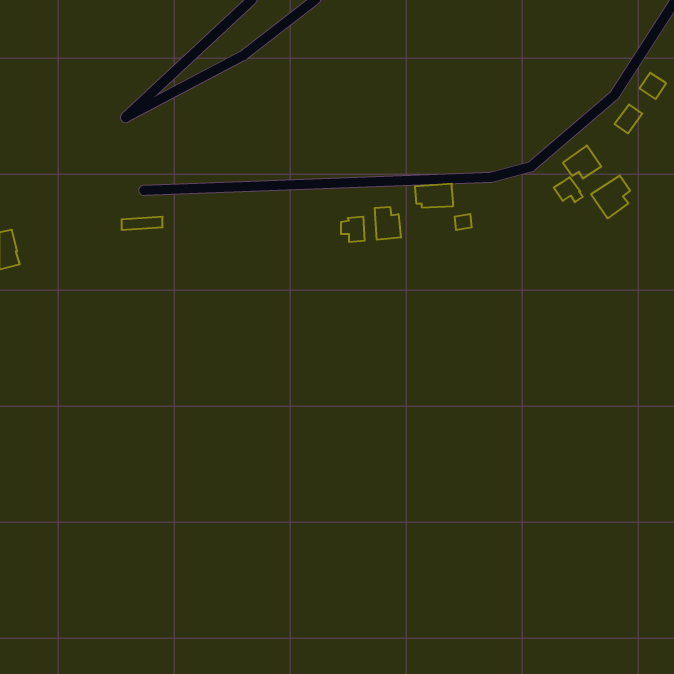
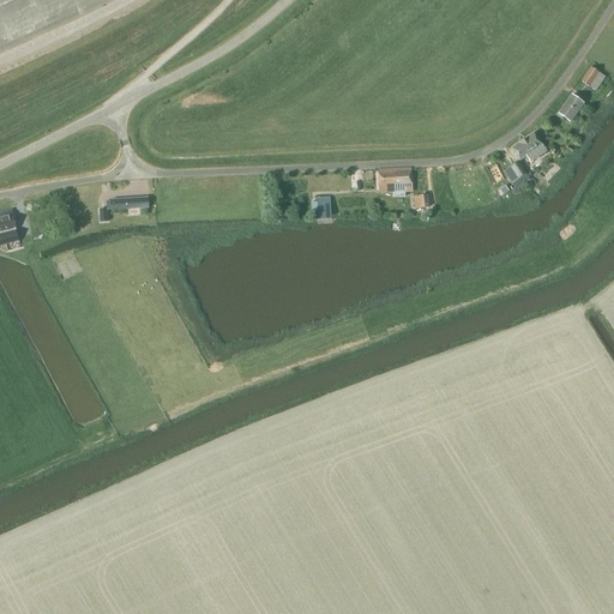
building: [591,175,630,218] -> none
building: [375,207,401,240] -> none

